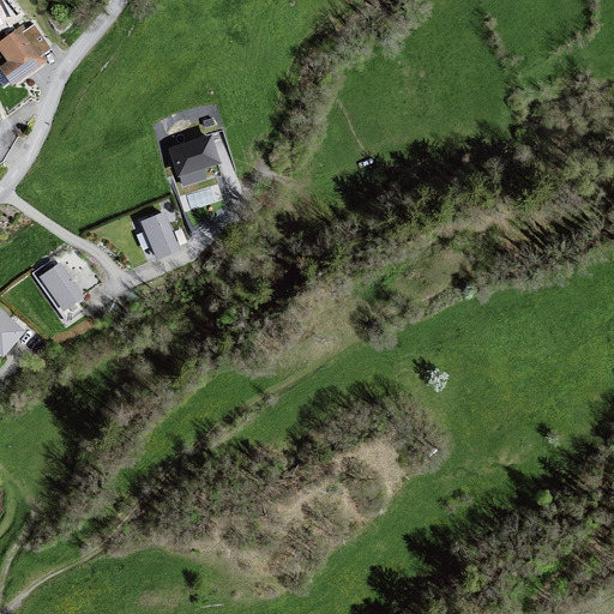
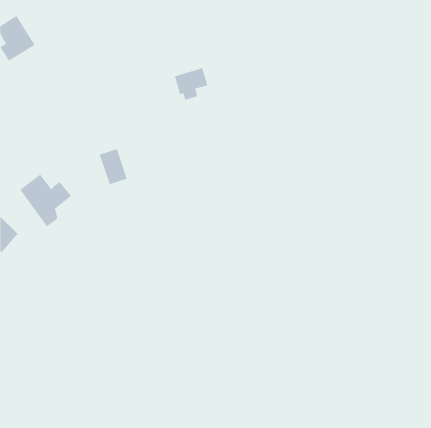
building: [169,132,217,179] -> [174,68,208,101]

